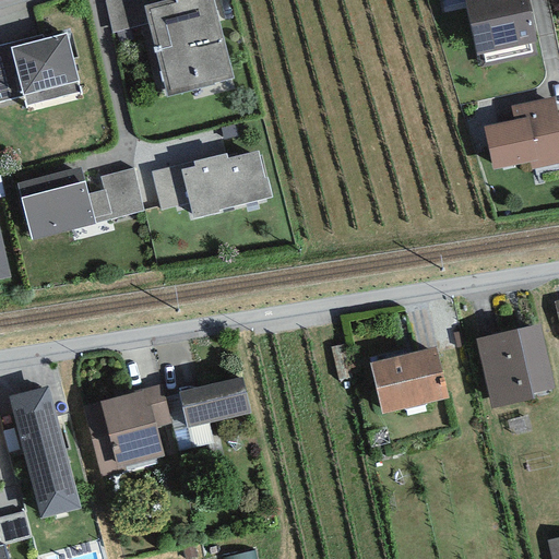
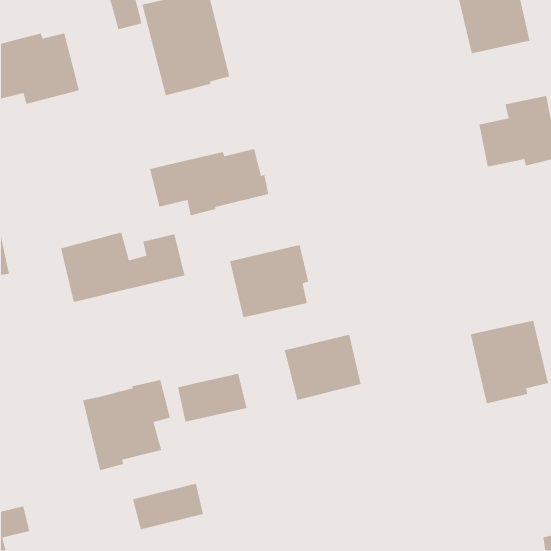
building: [19,166,145,238] -> [60,231,186,303]
building: none -> [229,244,309,318]
building: [370,346,449,414] -> [284,334,362,401]
building: [9,384,81,519] -> none
building: none -> [132,483,204,530]

